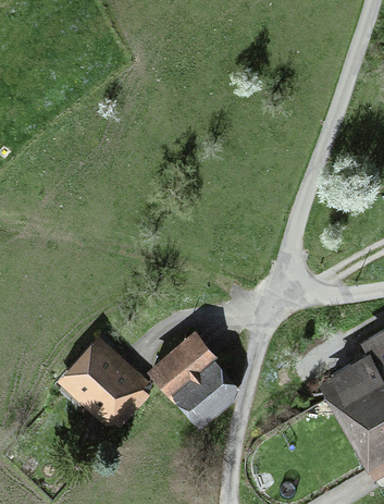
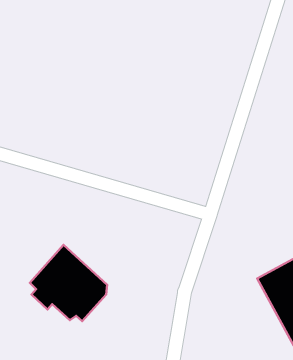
building: [147,329,238,430] -> none

